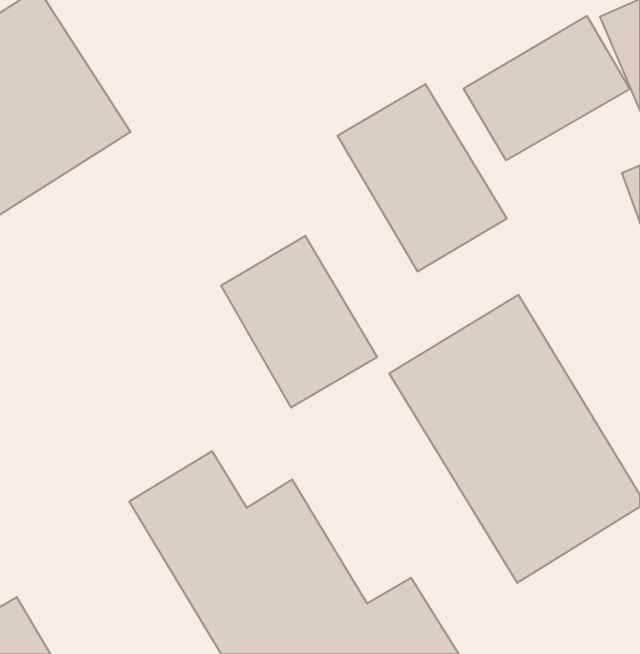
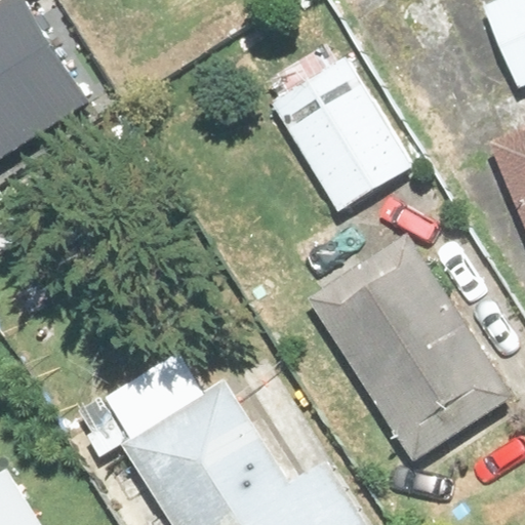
building: [464,16,630,160] -> none
building: [221,236,377,408] -> none

